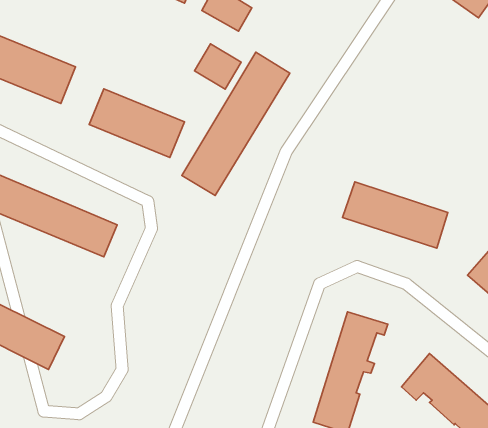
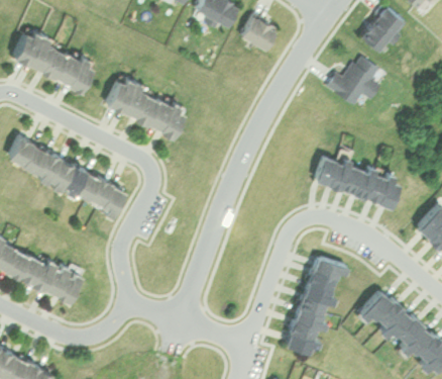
building: none -> [360,7,408,55]
building: [195,44,241,89] -> [239,14,278,52]
building: [182,52,290,195] -> none
building: none -> [326,58,381,107]

